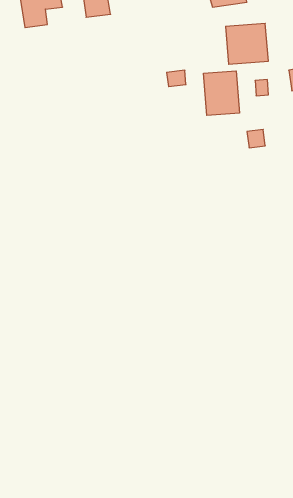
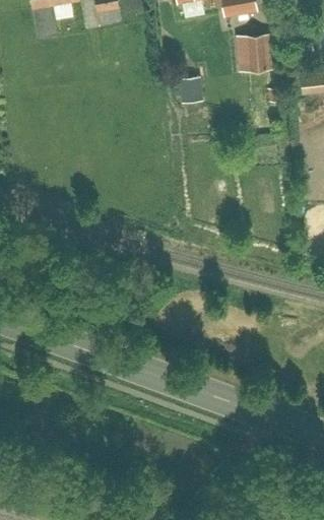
building: [204,71,239,115] -> none

